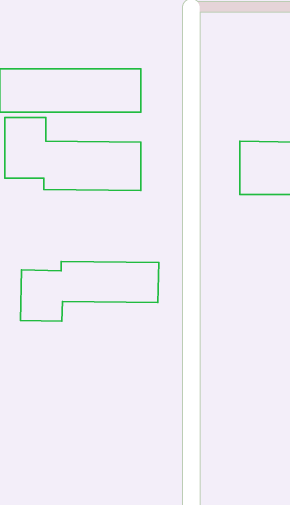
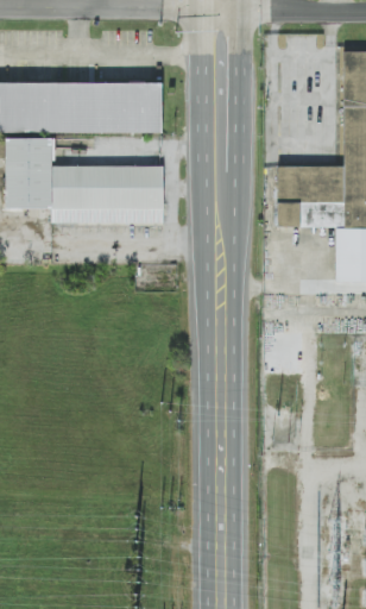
building: [20,261,159,321] -> none

